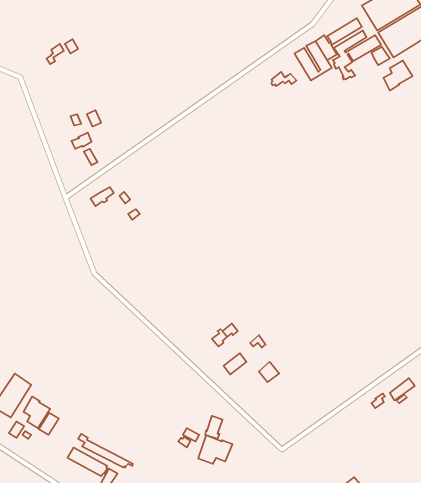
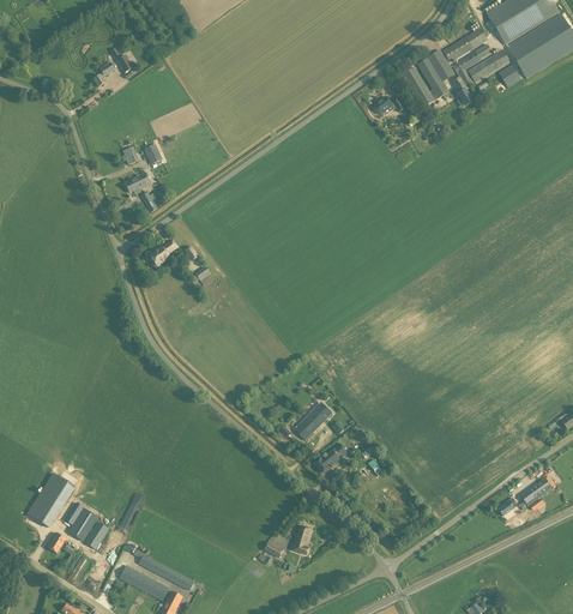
building: [384,61,412,90] -> none
building: [198,435,233,464] -> none

